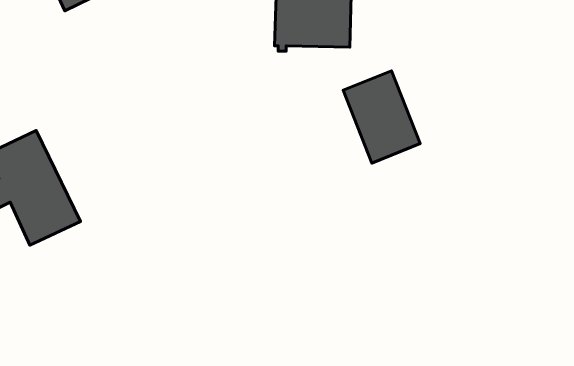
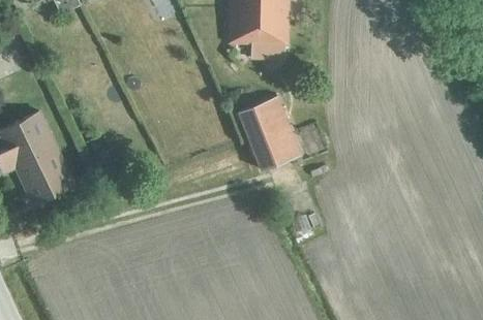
building: [343,71,420,163] -> [237,97,298,170]

